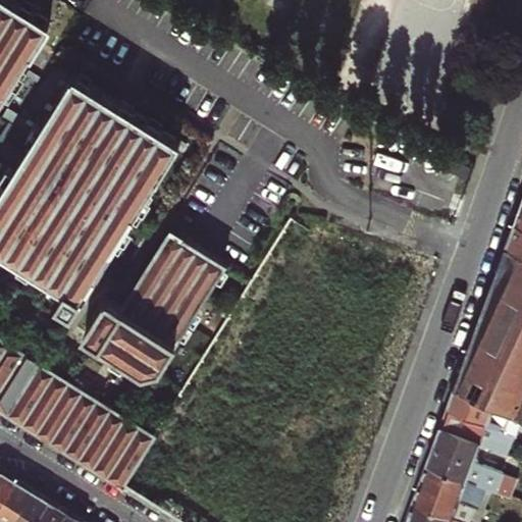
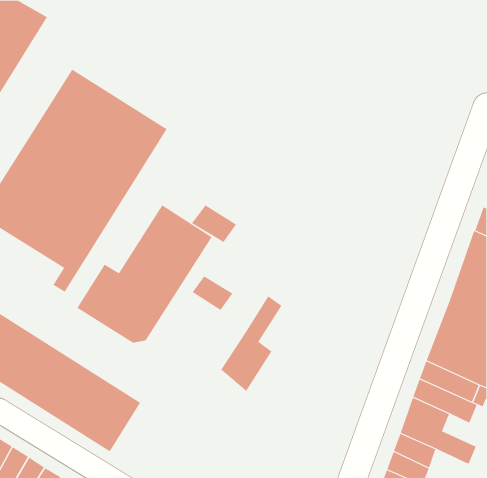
building: none -> [191,204,237,243]
building: none -> [192,276,233,311]
building: none -> [221,296,282,392]

